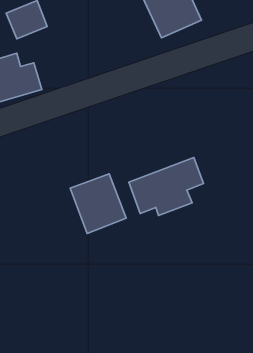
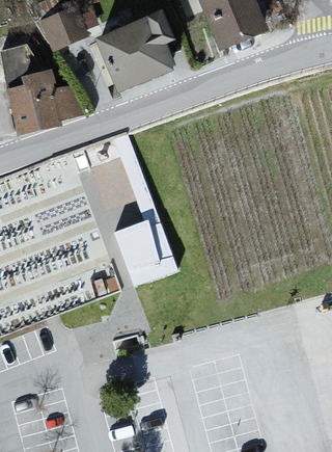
building: none -> [93,12,175,95]
building: [129,158,203,215] -> none

